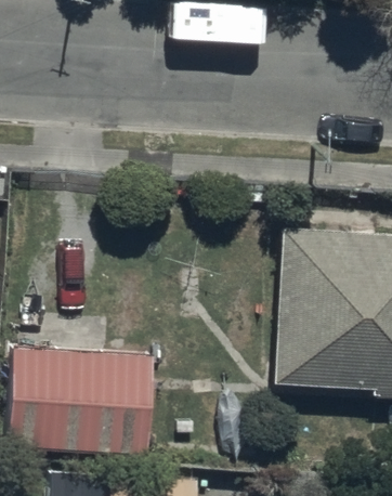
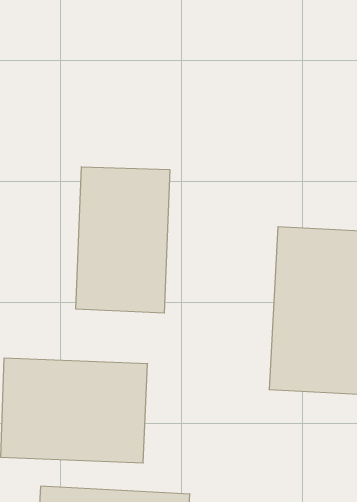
building: none -> [76,167,170,313]

